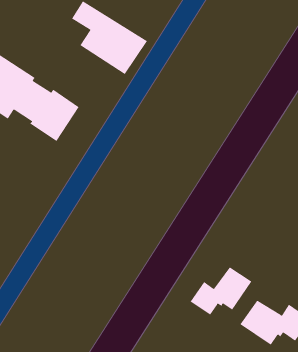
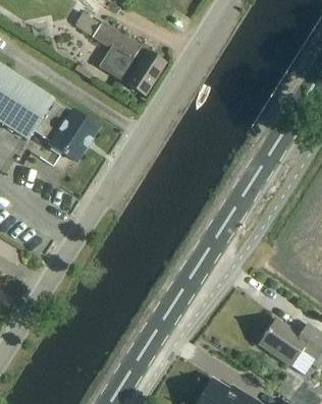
building: [190,267,252,316] -> none

